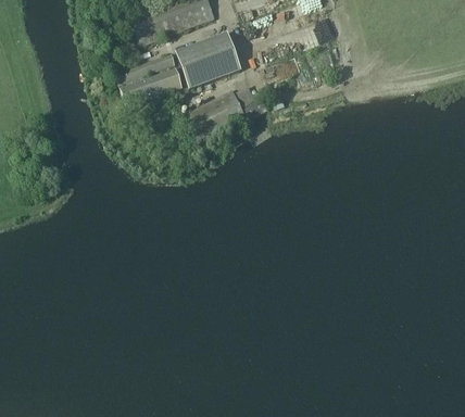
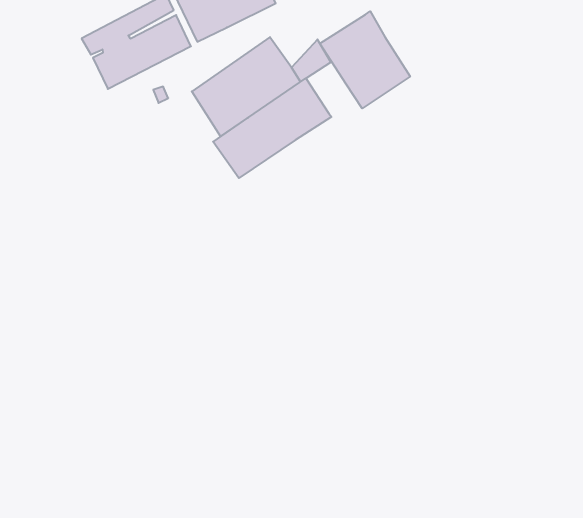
building: none -> [320,11,410,108]
building: none -> [213,78,331,178]

